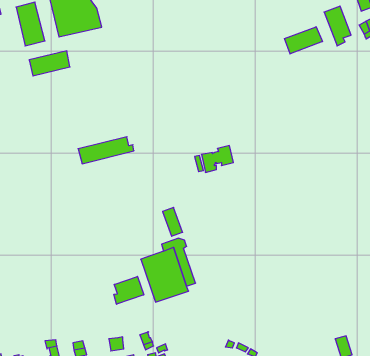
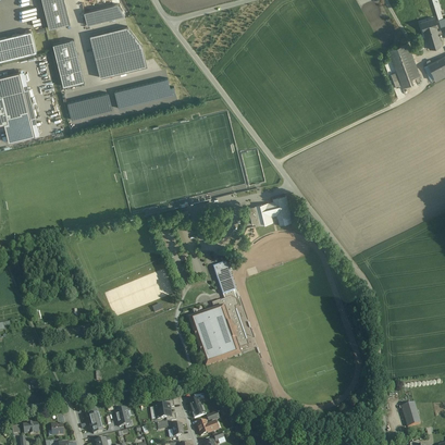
building: [284,27,322,54] -> none
building: [78,137,134,164] -> [113,78,174,108]
building: [114,276,144,304] -> none

